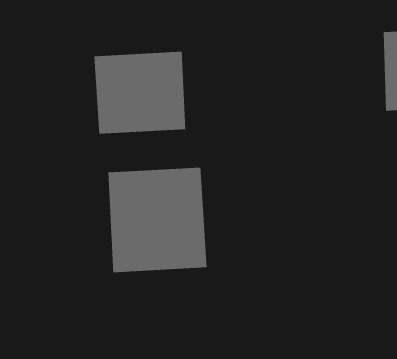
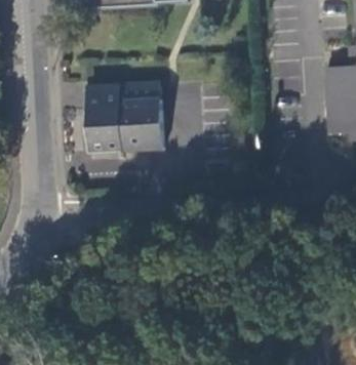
building: [108,167,207,273] -> none

